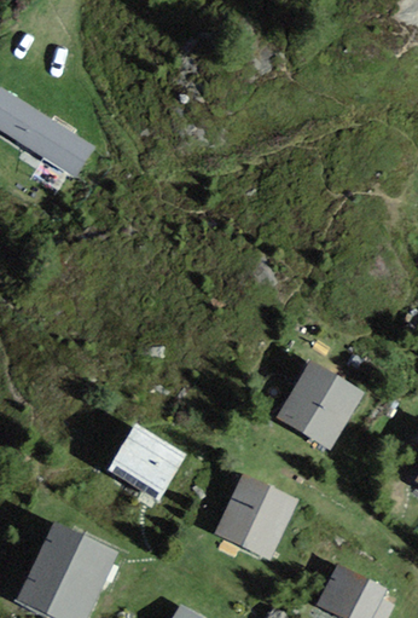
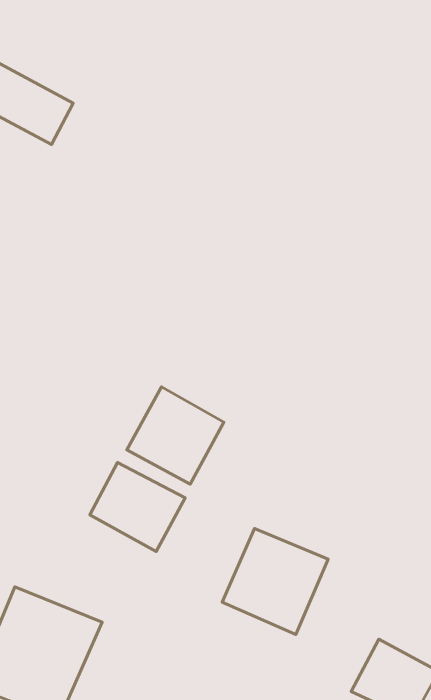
building: [275,364,360,450] -> none
building: none -> [127,387,224,484]

